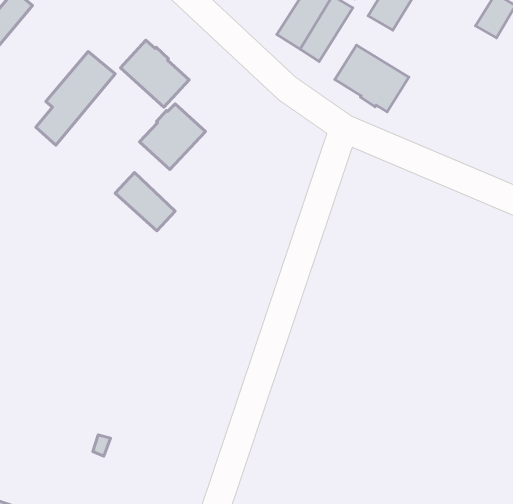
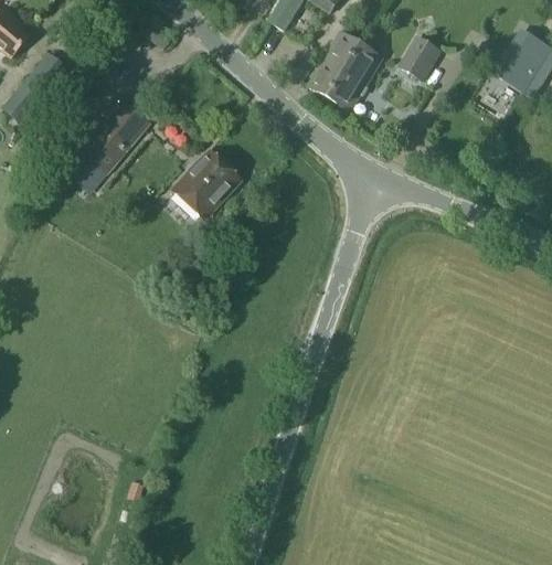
building: [120,40,189,107] -> none
building: [335,45,409,112] -> none
building: [115,172,175,231] -> none

